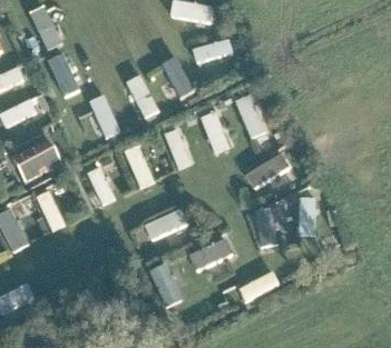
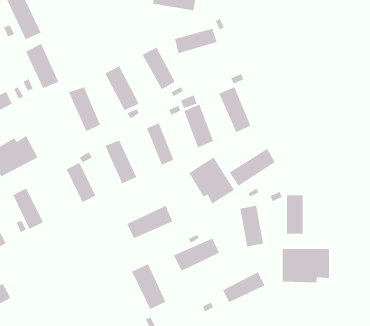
building: none -> [189,157,235,205]
building: none -> [282,248,330,283]

